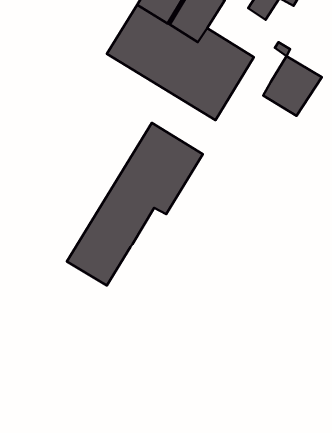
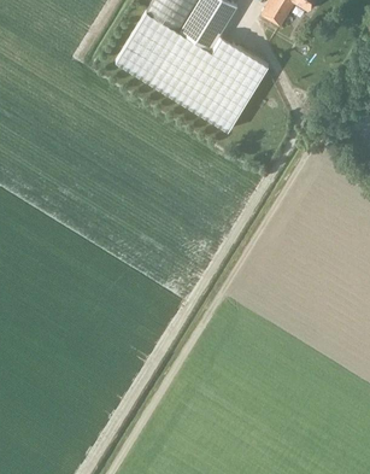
building: [263,56,322,116] -> none
building: [67,123,203,286] -> none

